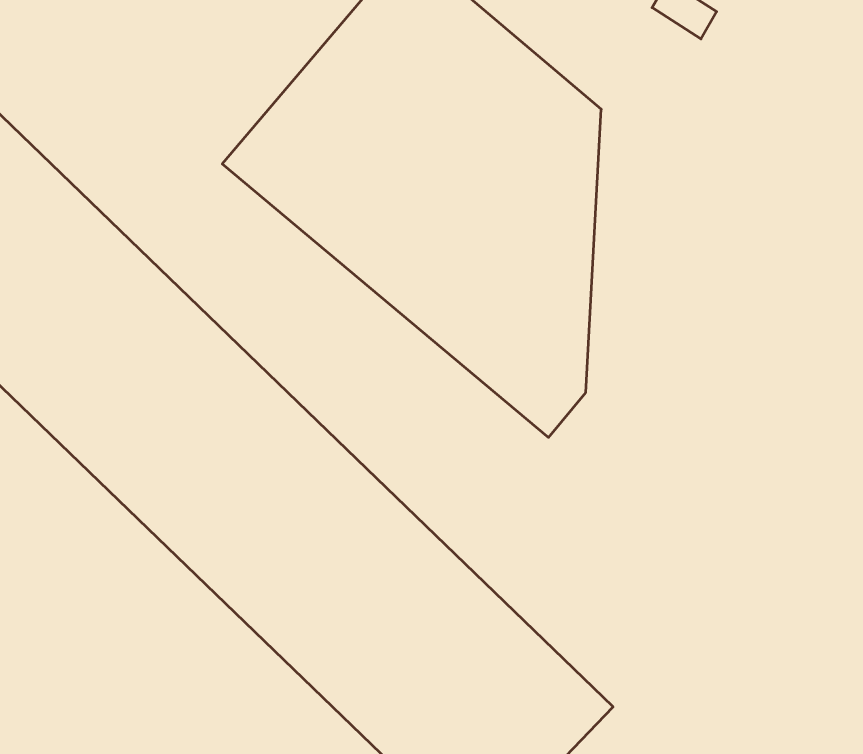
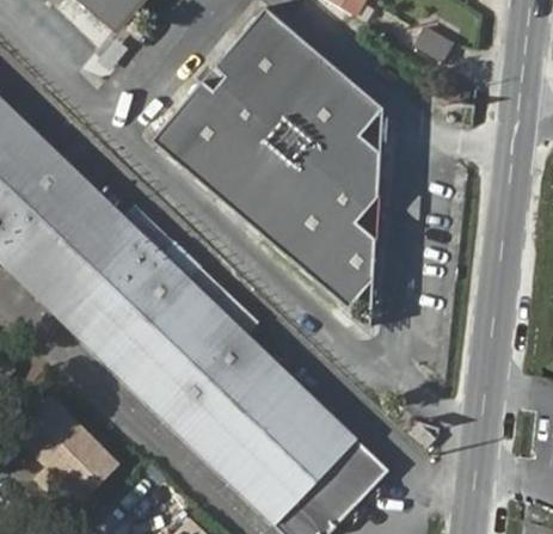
building: none -> [24,407,113,496]

